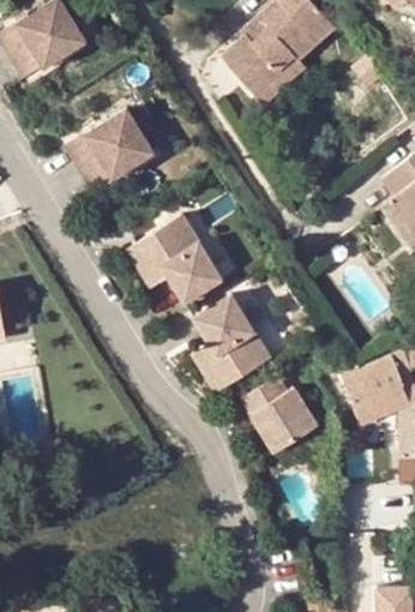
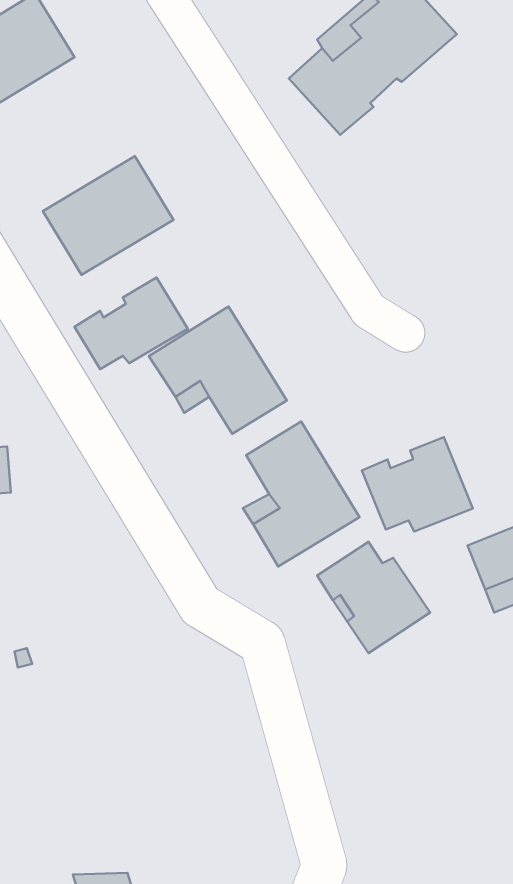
building: none -> [74,277,188,369]
building: none -> [362,437,473,531]

